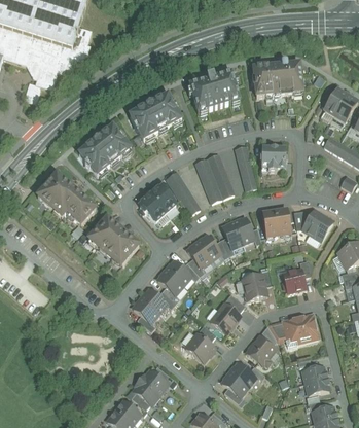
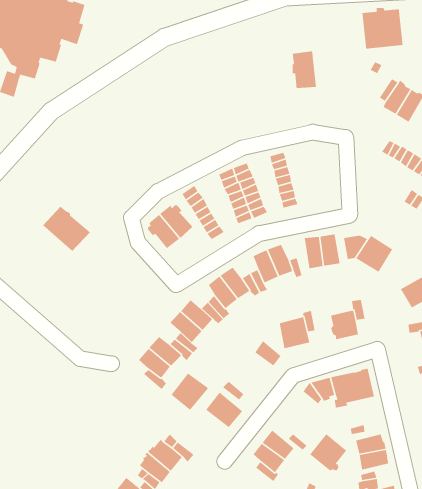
building: [270,62,302,95] -> [361,7,404,49]
building: [189,72,240,112] -> none
building: [130,94,181,140] -> none
building: [79,126,131,175] -> none
building: [260,145,287,171] -> none
building: [37,174,72,206] -> none
building: [88,217,139,266] -> none
building: [211,302,241,332] -> [171,373,209,411]
building: [246,334,276,364] -> [309,433,347,472]

